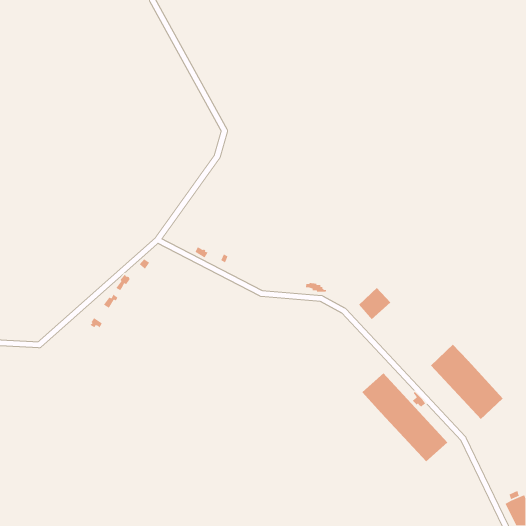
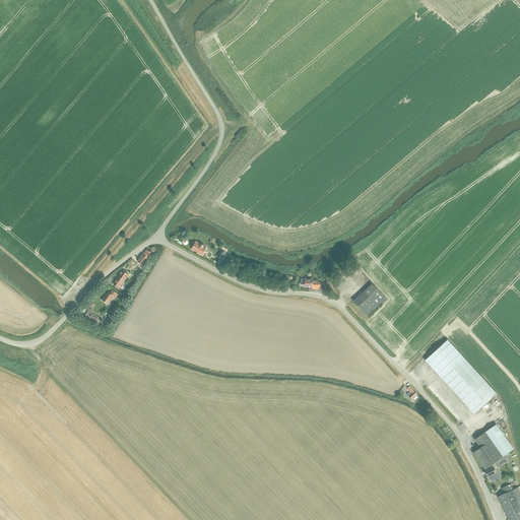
building: [361,373,448,462] -> none
building: none -> [473,425,513,481]

